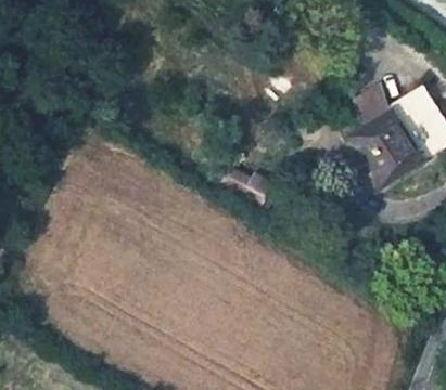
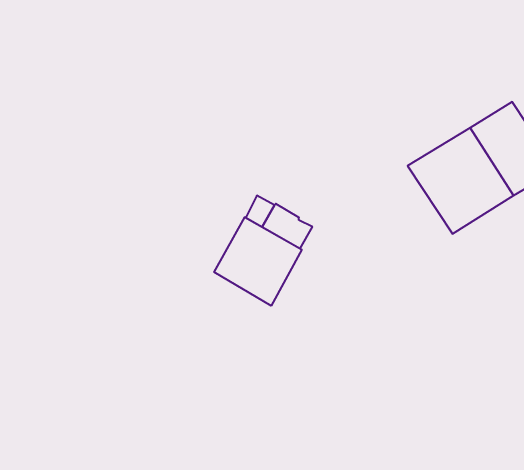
building: none -> [214,217,302,306]

